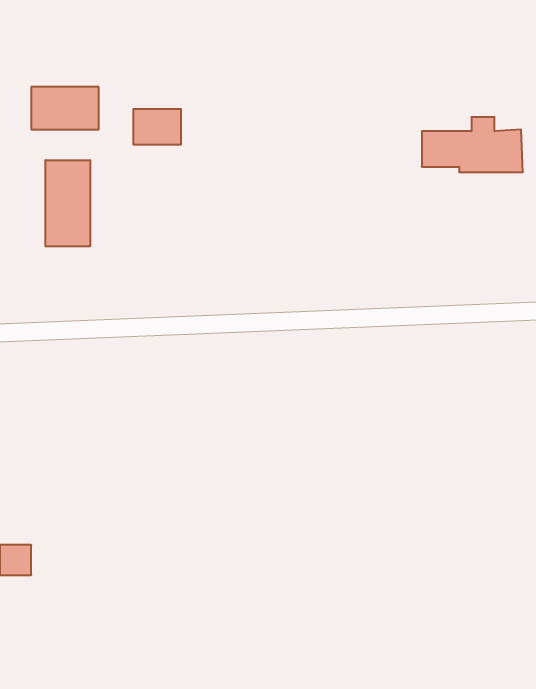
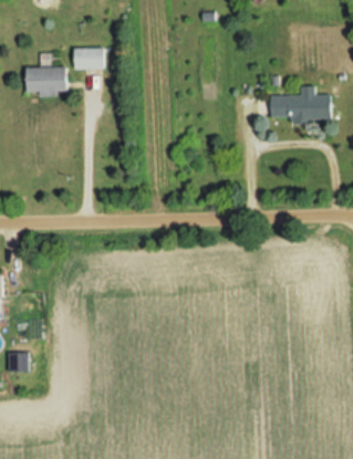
building: [133,109,181,145] -> [74,48,104,70]
building: [45,160,90,246] -> none

